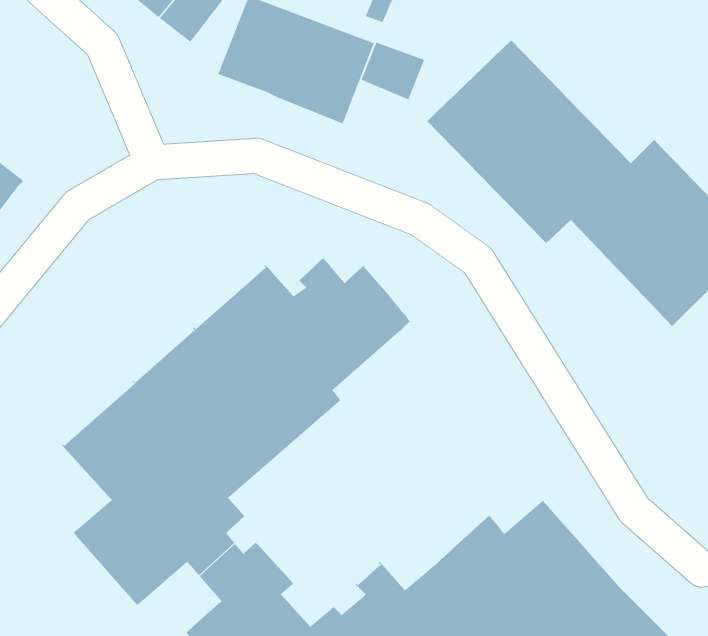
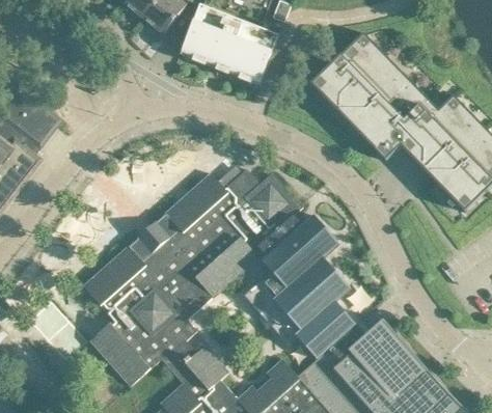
building: [360,41,425,101] -> none
building: none -> [243,215,356,359]

